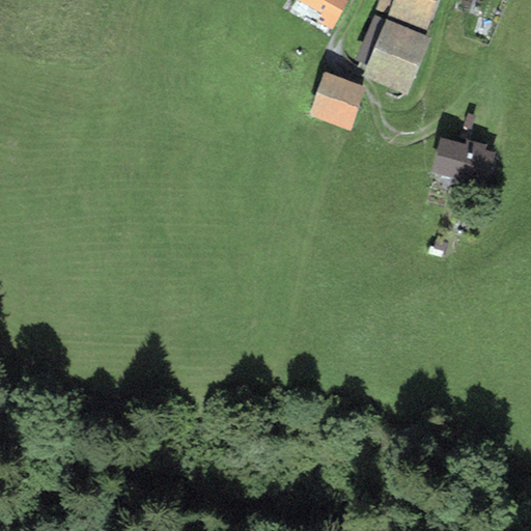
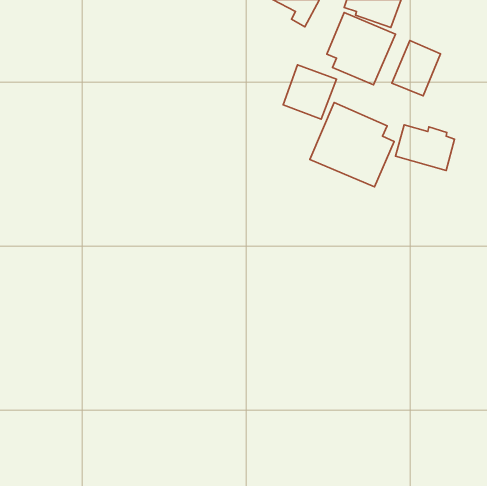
building: none -> [392,40,441,96]
building: none -> [310,102,394,187]

